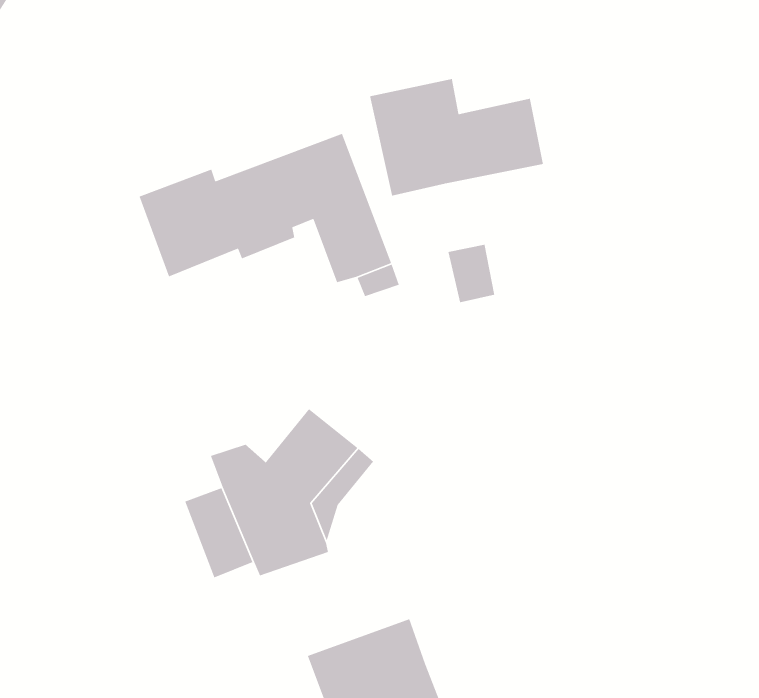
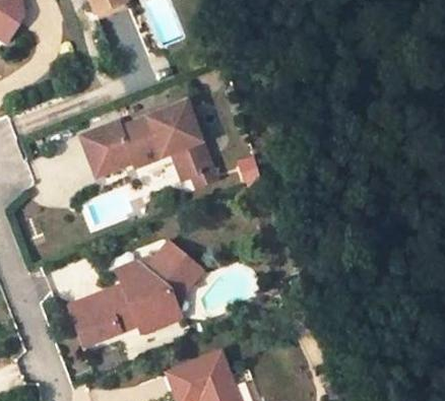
building: [369,78,544,197] -> none
building: none -> [69,290,120,343]

